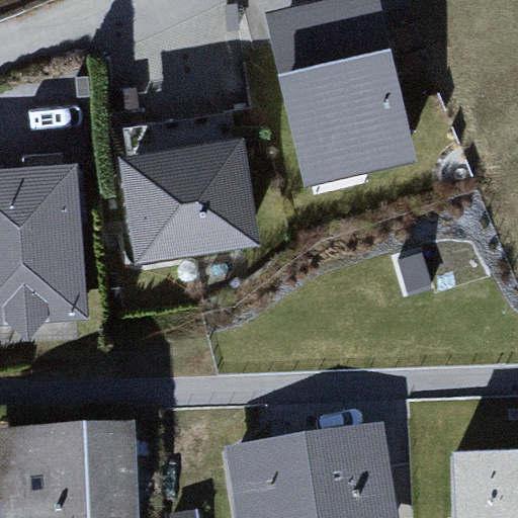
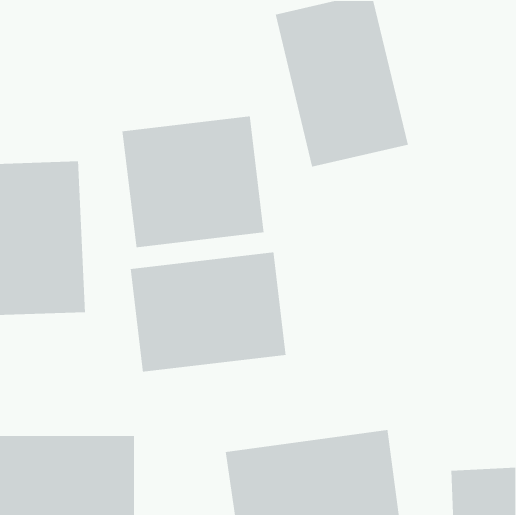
building: none -> [130,251,287,373]

